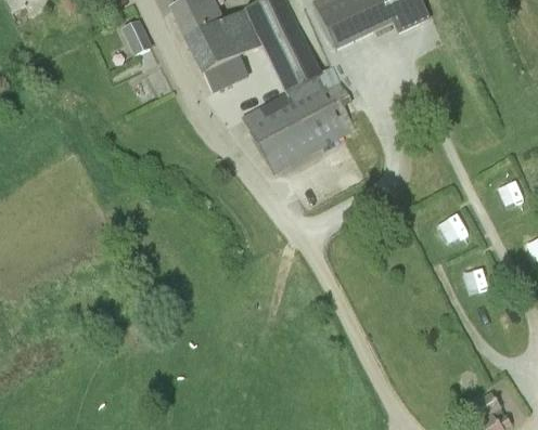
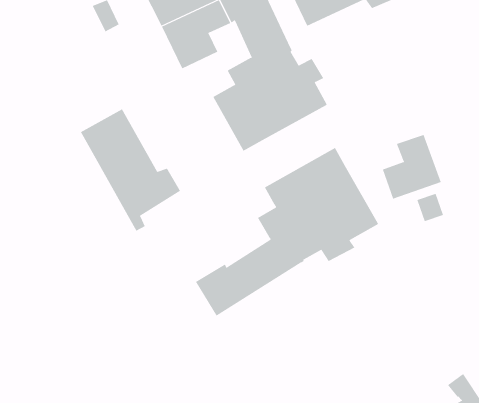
building: none -> [80,108,181,231]
building: none -> [382,134,442,200]
building: none -> [195,147,378,317]

